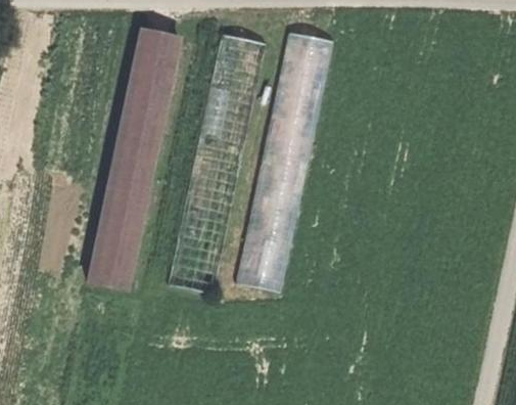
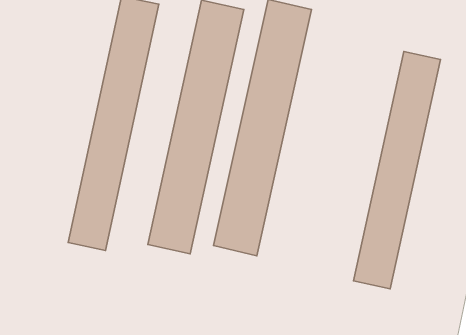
building: none -> [354,51,440,289]

